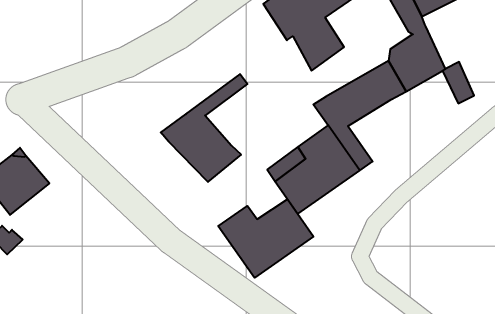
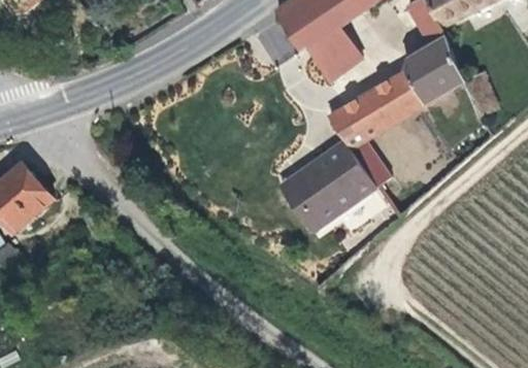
building: [161,74,247,182] -> none
building: [218,199,313,278] -> none

